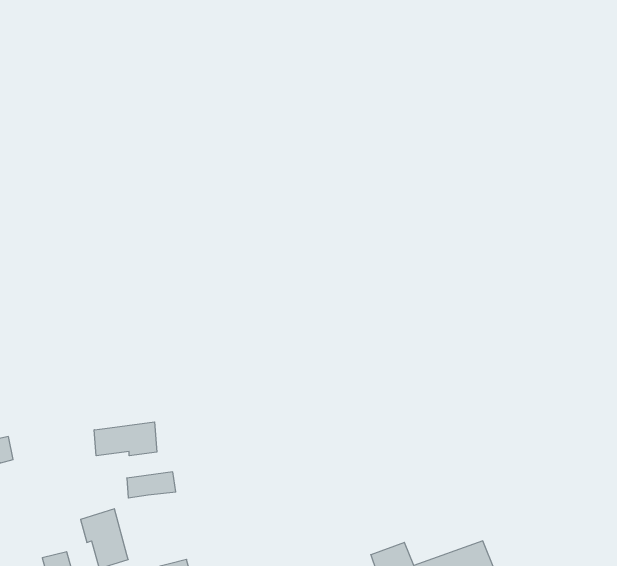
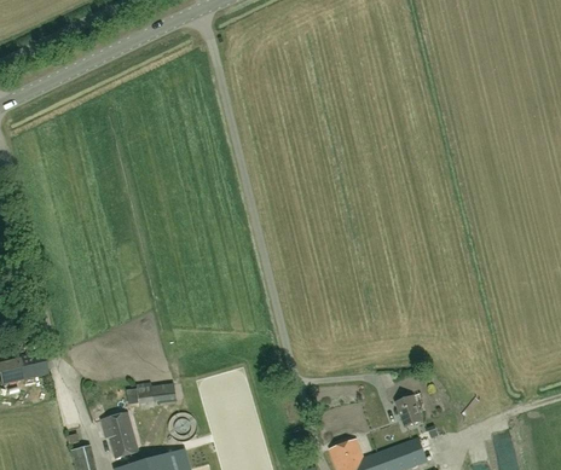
building: [94,422,157,456] -> none
building: none -> [394,394,421,427]

